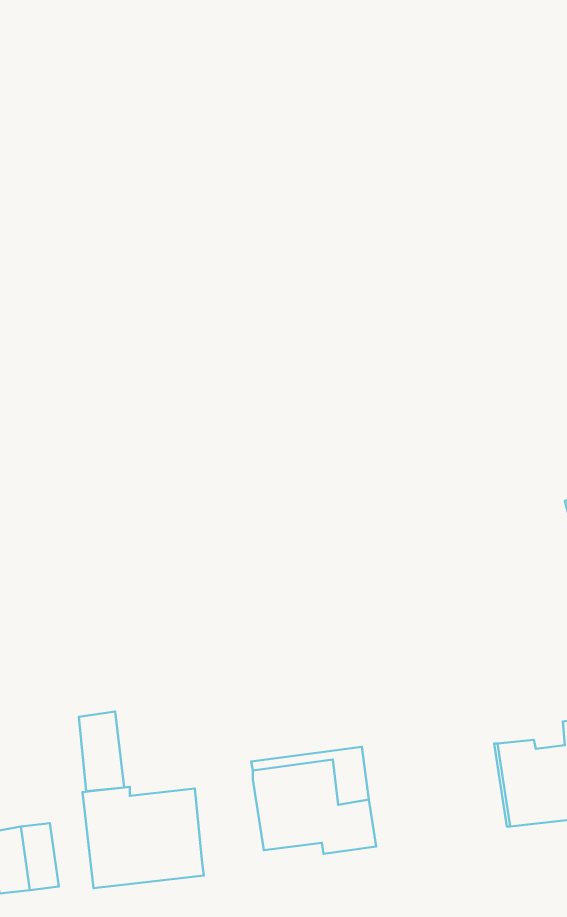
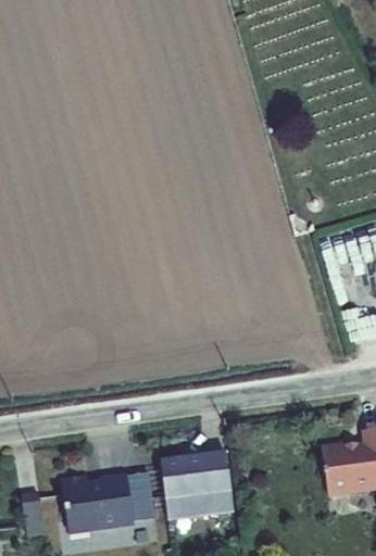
building: [79,711,124,791] -> [131,471,159,519]

